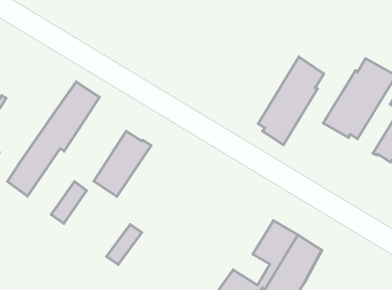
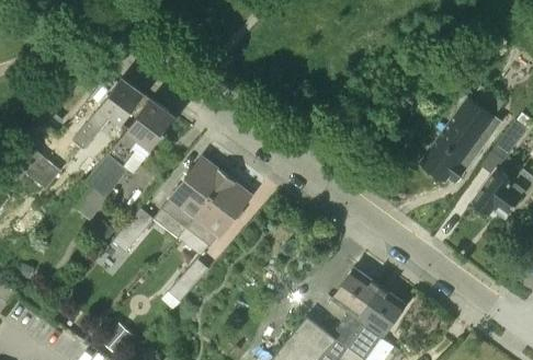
building: [258,57,324,145] -> none
building: none -> [72,79,145,150]
building: none -> [179,175,252,256]

